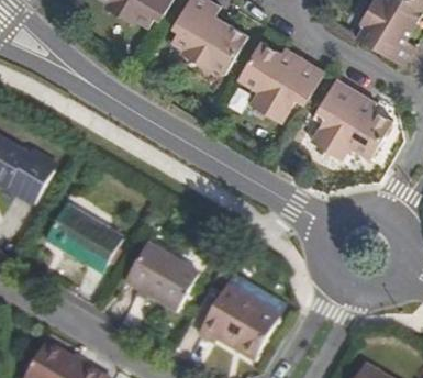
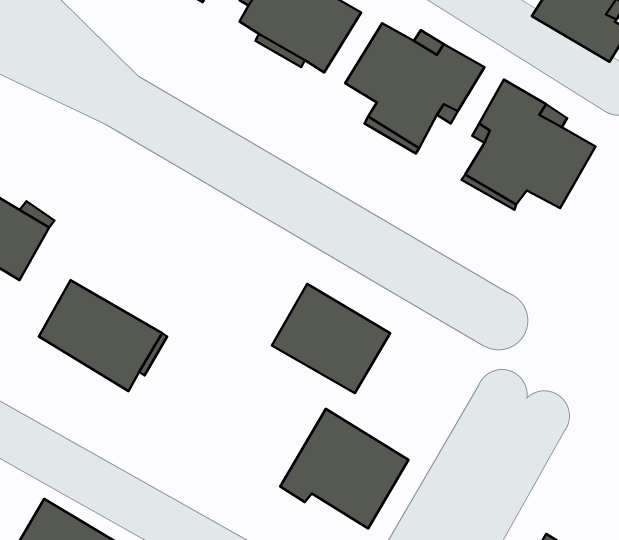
building: [124,242,198,310] -> [272,284,390,393]

